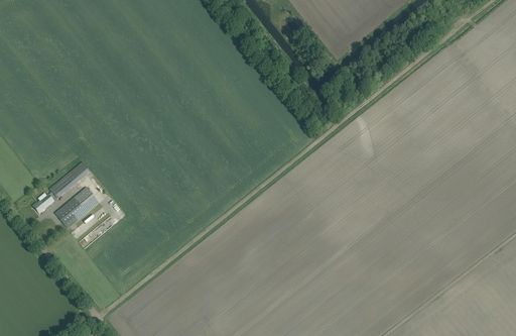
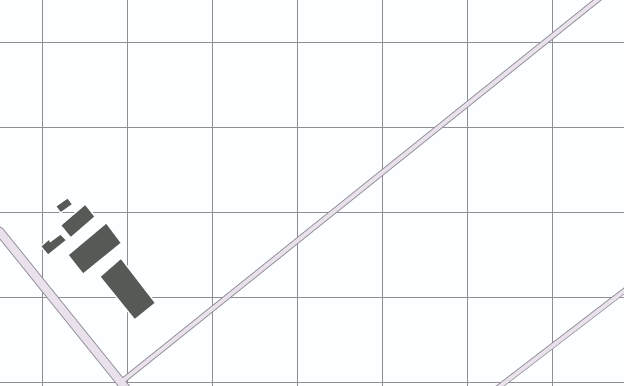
building: none -> [100,258,155,320]

